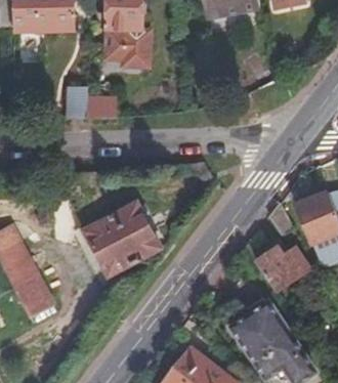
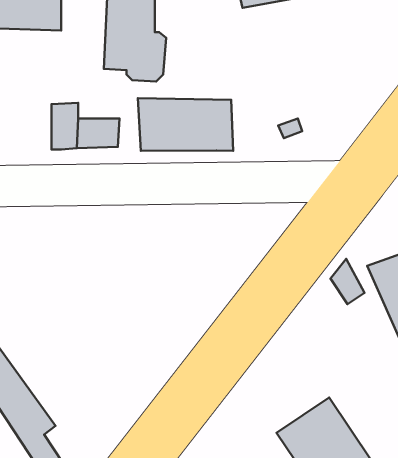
building: none -> [138,98,233,151]
building: [96,207,164,271] -> none
building: [256,243,309,291] -> none

